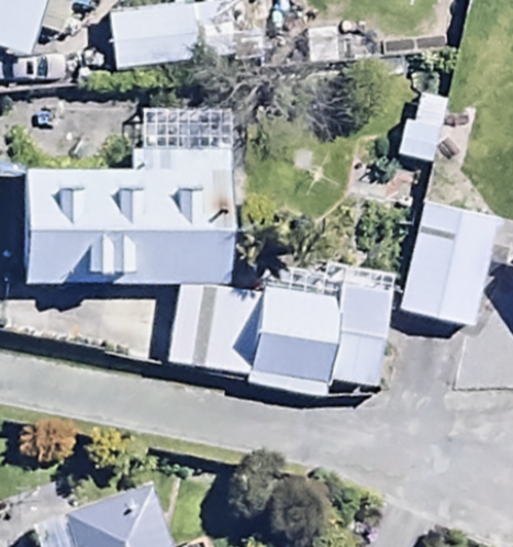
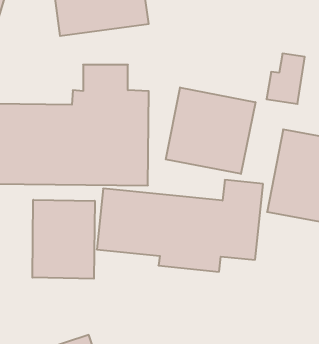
building: none -> [166,87,255,174]
building: none -> [32,200,95,279]

